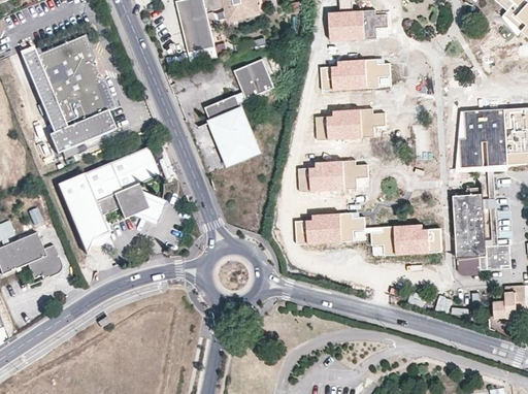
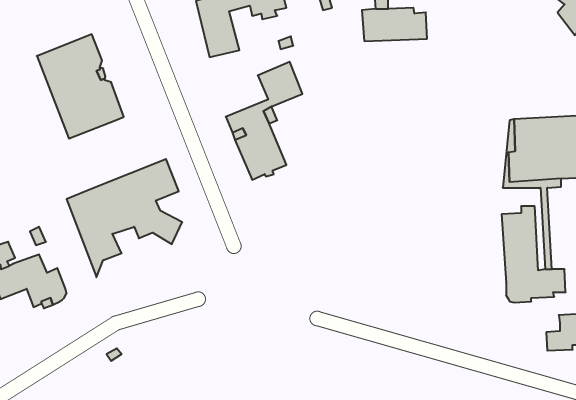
building: [19,46,112,153] -> none
building: [320,59,391,91] -> none
building: [314,108,386,141] -> none
building: [297,161,368,193] -> none
building: [294,212,366,244] -> none
building: [370,225,441,256] -> none

